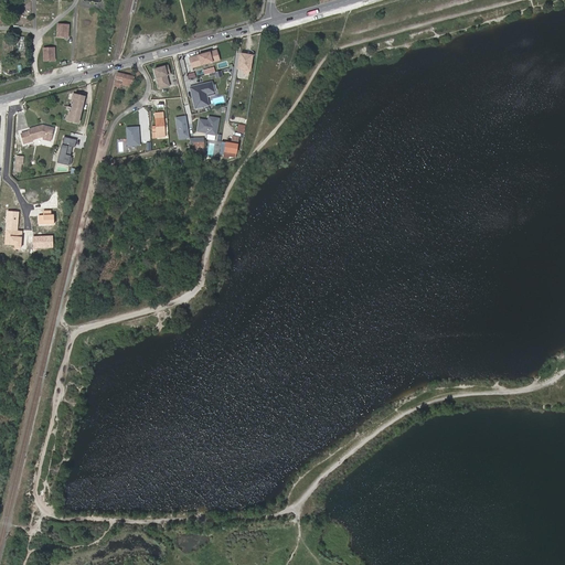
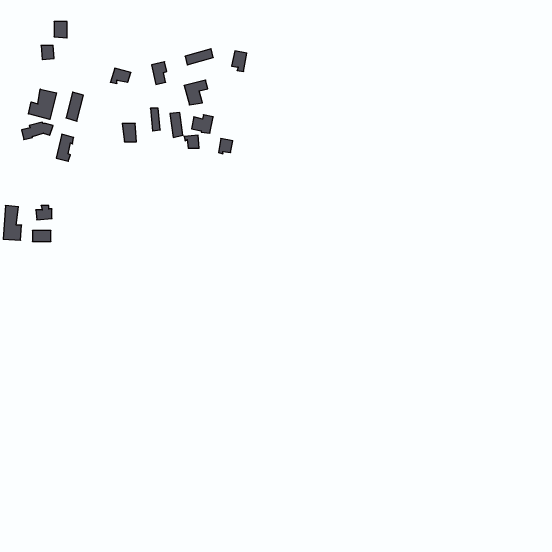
building: none -> [28,89,57,119]

